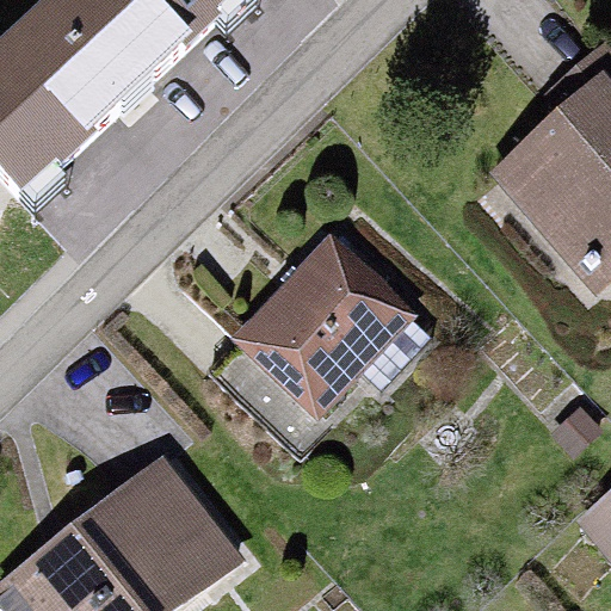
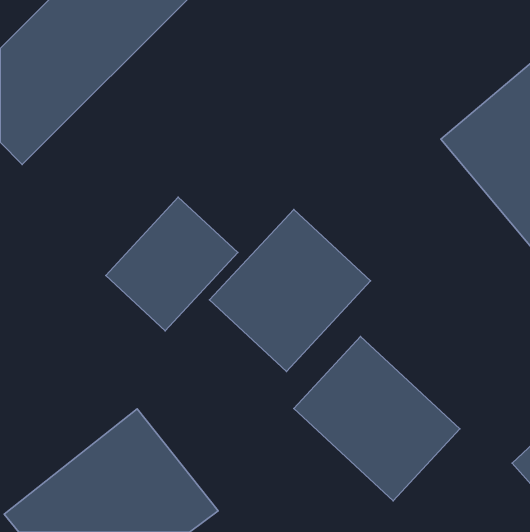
building: none -> [106,197,238,331]
building: none -> [294,337,460,501]

